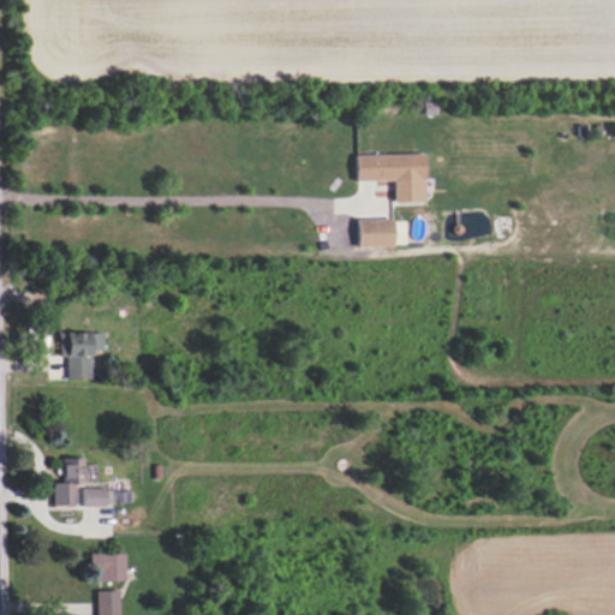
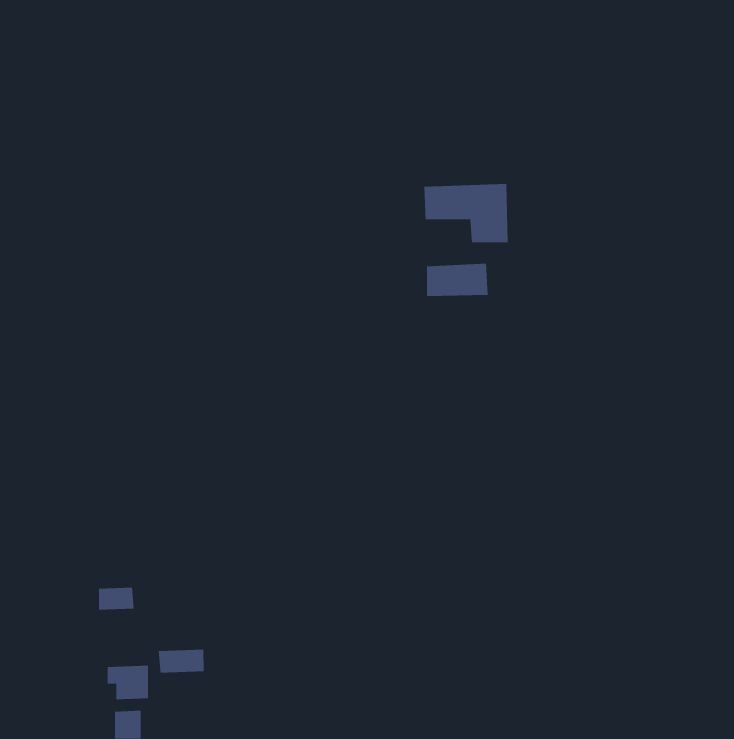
building: [60,333,105,378] -> none
building: [55,458,88,504] -> none
building: none -> [158,649,204,673]

